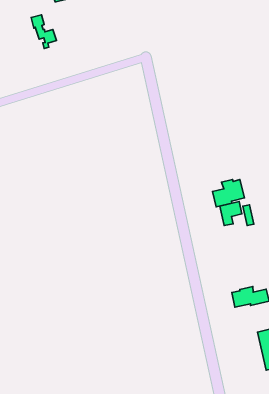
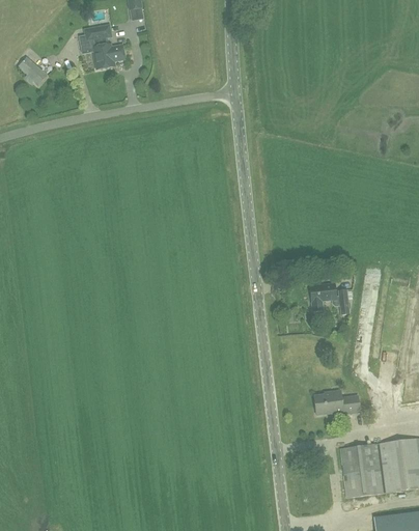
building: none -> [84,26,111,68]
building: [213,179,244,207] -> none

